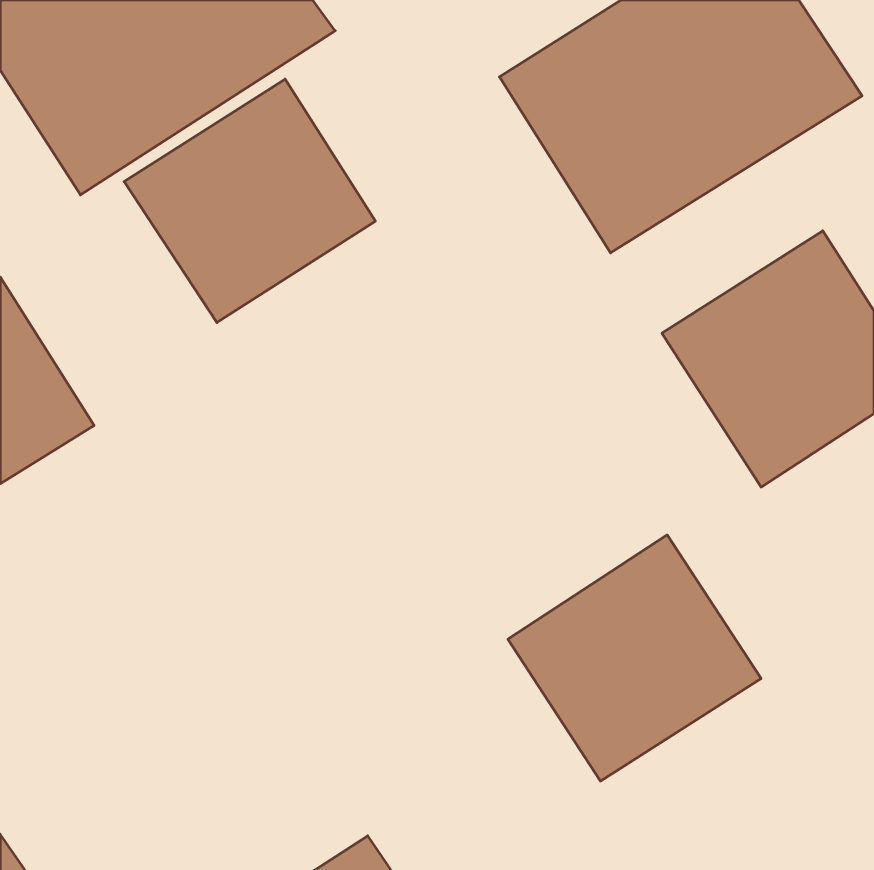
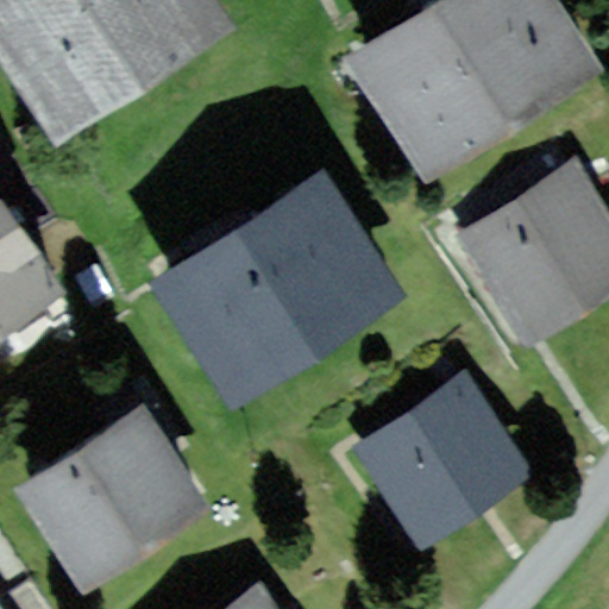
building: [124,79,375,323] -> none
building: none -> [153,174,400,402]
building: none -> [14,406,208,591]

